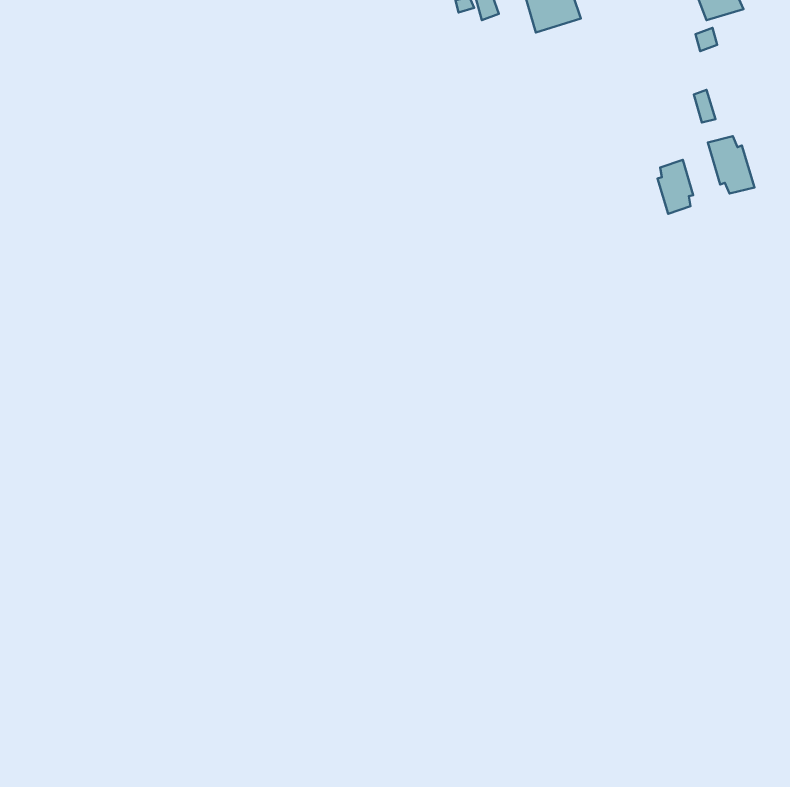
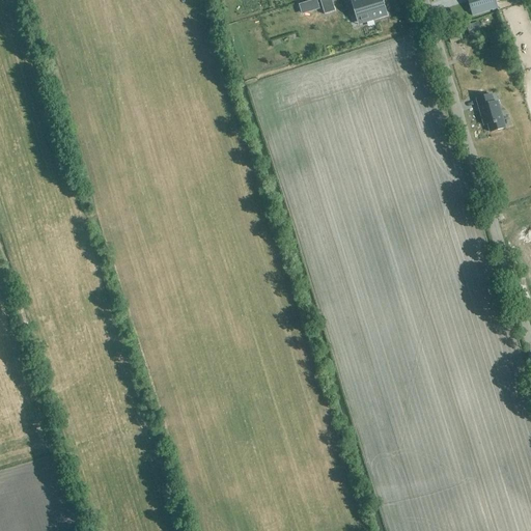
building: [658,160,693,214] -> none

